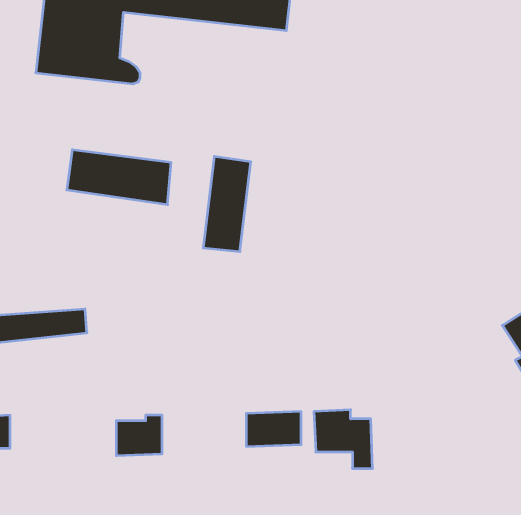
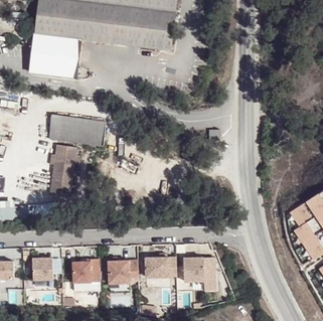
building: [203,156,251,252] -> [49,143,75,195]
building: none -> [33,257,54,280]
building: none -> [110,263,139,284]

